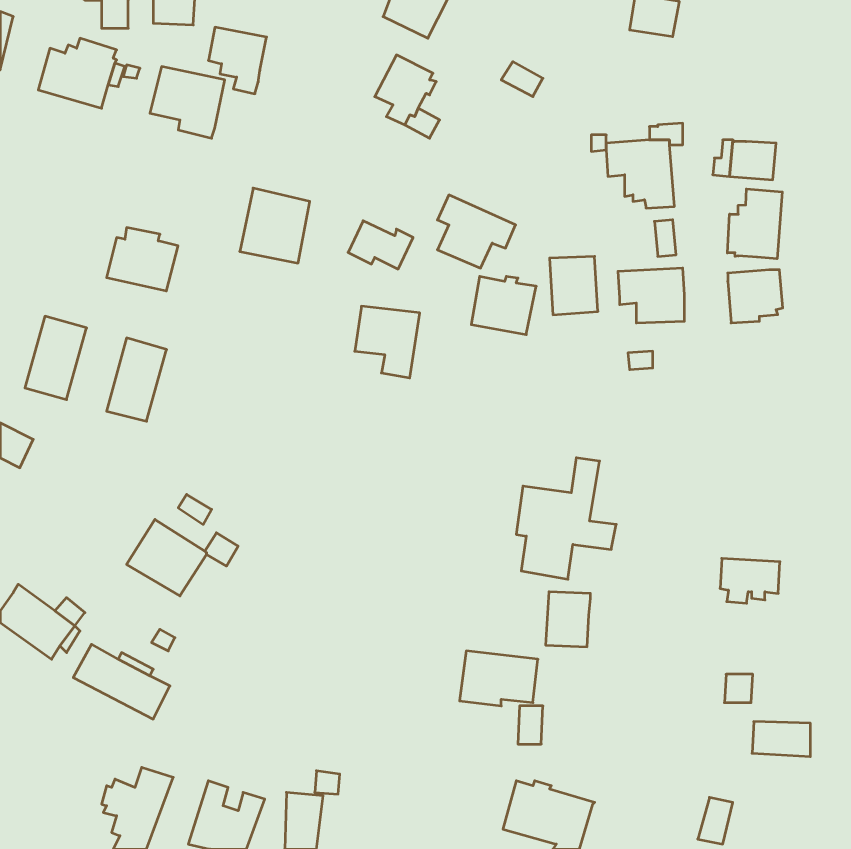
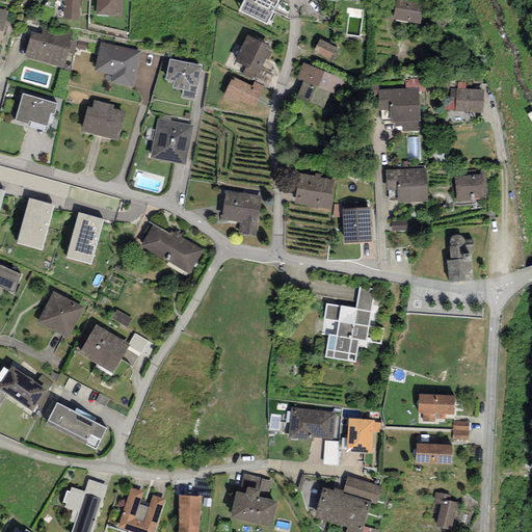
building: [208,27,267,94] -> [165,58,202,100]
building: none -> [16,94,57,125]
building: [727,189,782,259] -> none
building: [437,195,516,268] -> [296,61,345,107]
building: [348,221,413,269] -> [223,76,264,106]
building: [107,228,178,291] -> [81,100,126,139]
building: [550,256,598,315] -> [342,207,372,243]
building: none -> [141,223,204,273]
building: none -> [447,234,474,282]
building: none -> [37,290,84,338]
building: [720,558,780,603] -> [418,393,455,421]
building: [546,592,590,647] -> [346,418,374,452]
building: [752,722,810,757] -> [416,443,452,464]
building: none -> [230,473,277,526]
building: none -> [343,476,381,504]

